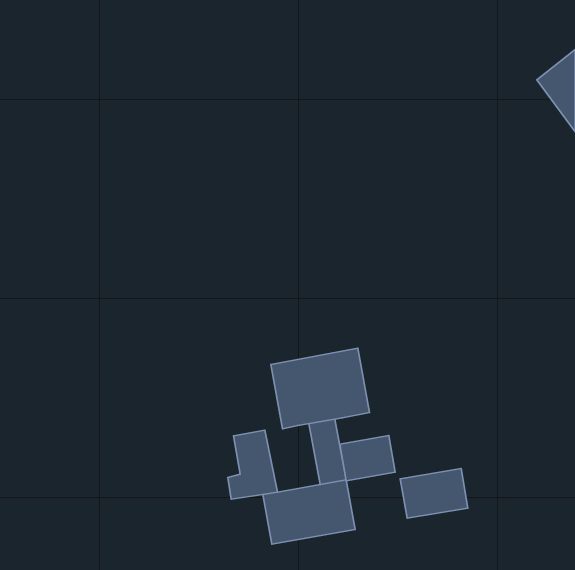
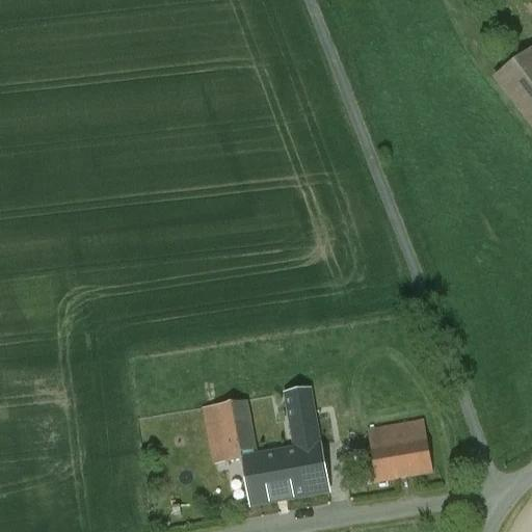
building: [271,348,369,429] -> none
building: [340,436,395,481] -> none

